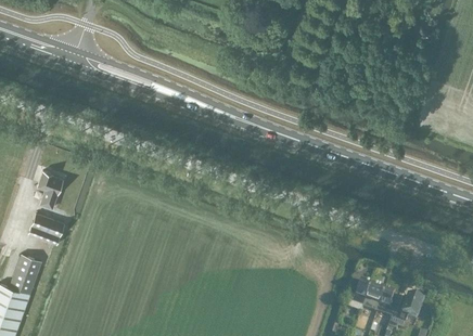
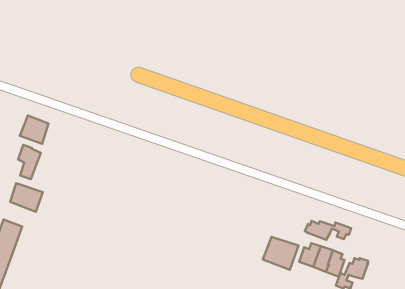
building: none -> [20,115,49,144]
building: none -> [305,221,351,240]
building: none -> [263,237,299,270]

